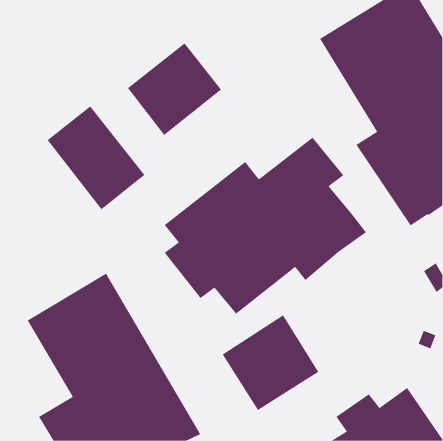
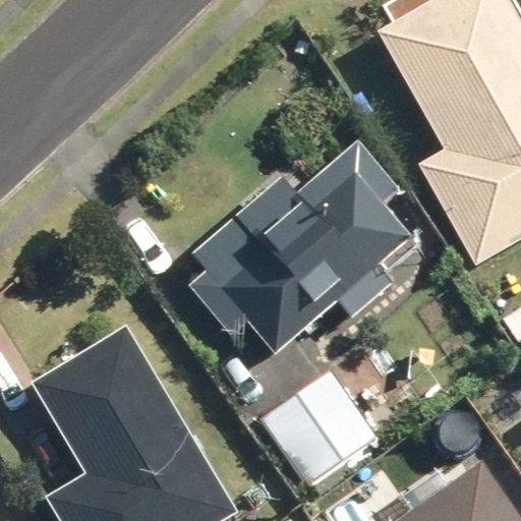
building: [127,43,222,136] -> none
building: [47,105,145,210] -> none

